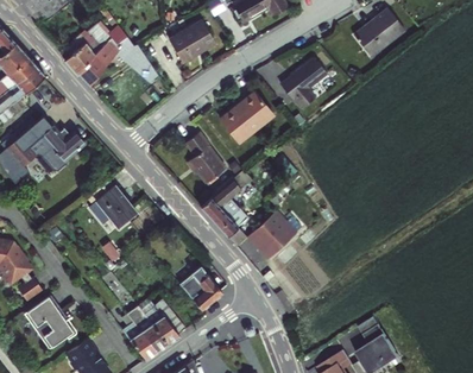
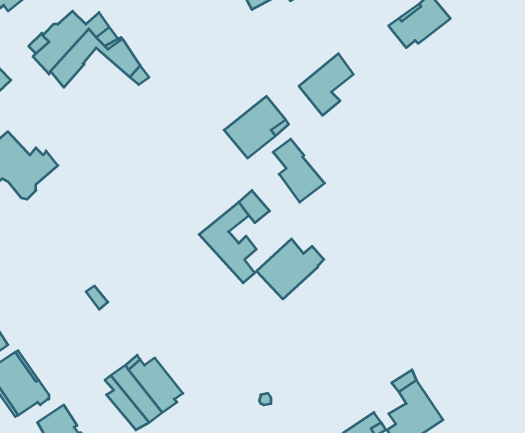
building: [166,19,214,62] -> none
building: [183,131,225,182] -> [273,139,325,202]
building: [88,182,137,228] -> none
building: [181,268,223,314] -> none

